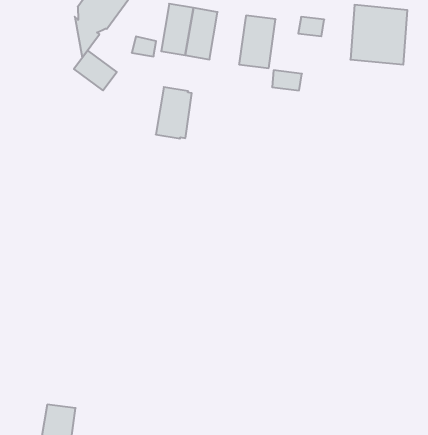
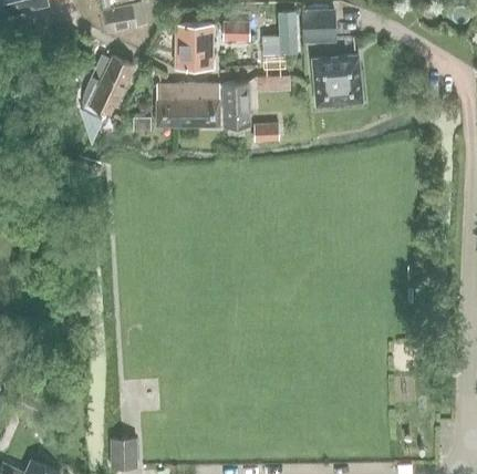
building: [74,51,117,90] -> none
building: [156,87,192,139] -> [198,85,224,126]

